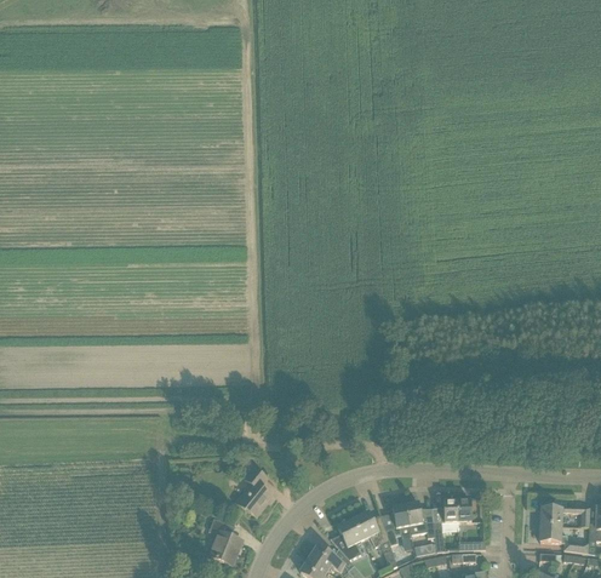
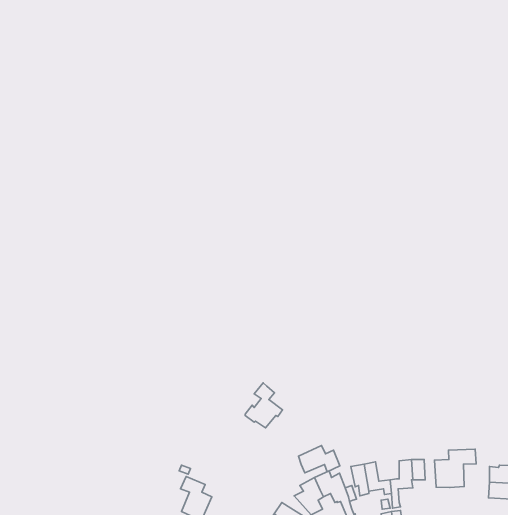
building: [235,467,275,515] -> [245,383,282,428]
building: none -> [298,445,340,473]
building: none -> [435,449,476,487]

